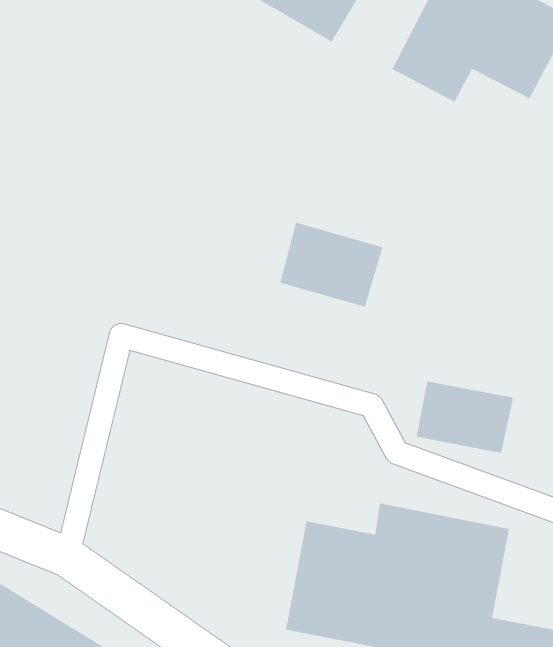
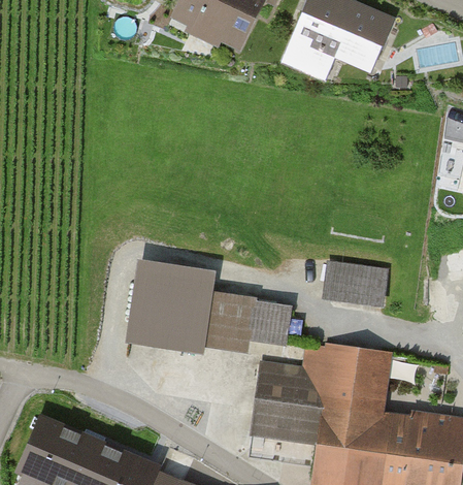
building: [280,222,383,308] -> none
building: none -> [126,266,293,365]

